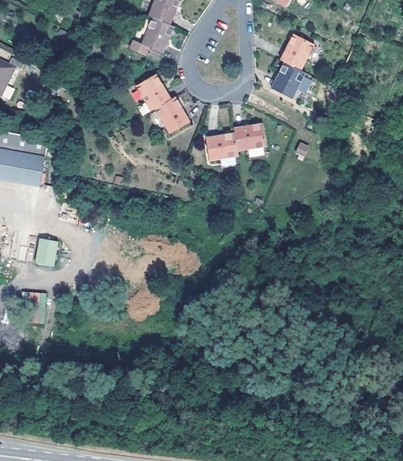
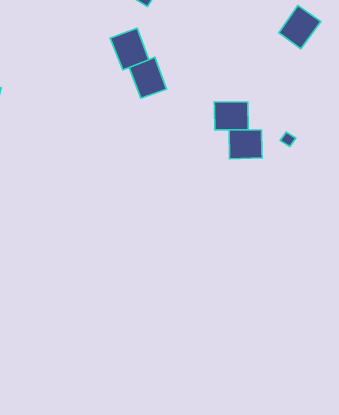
building: [271,61,306,99] -> none
building: [206,132,238,161] -> [229,130,262,159]

